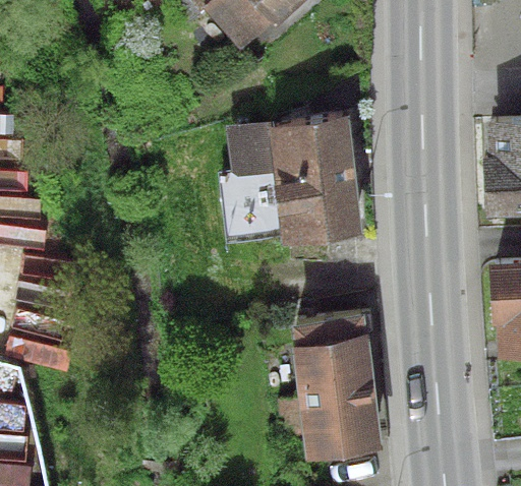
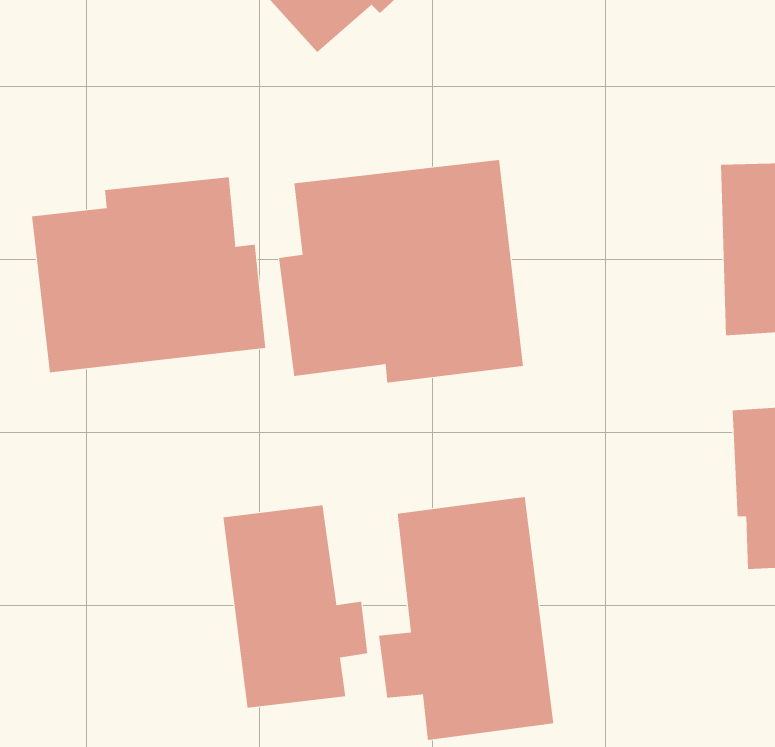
building: none -> [32,176,266,373]
building: none -> [223,505,368,709]

